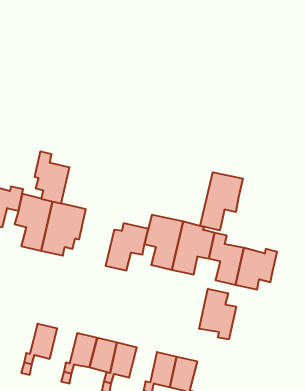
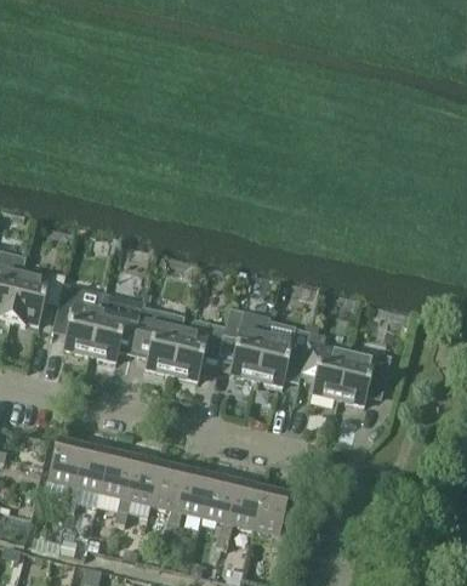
building: [35,151,70,203] -> [136,307,181,374]
building: [200,172,243,230] -> none
building: [199,289,236,339] -> none
building: none -> [46,440,82,487]
building: none -> [98,454,133,499]
building: none -> [200,478,235,523]

